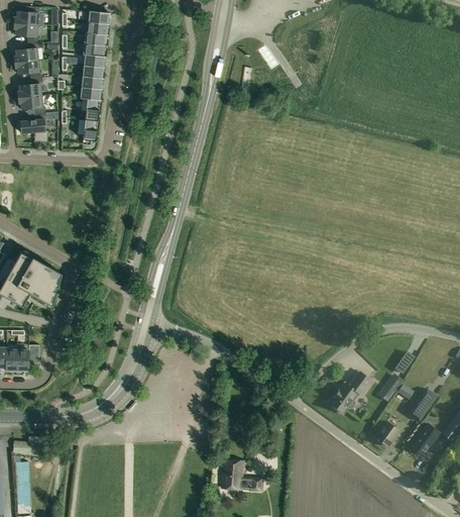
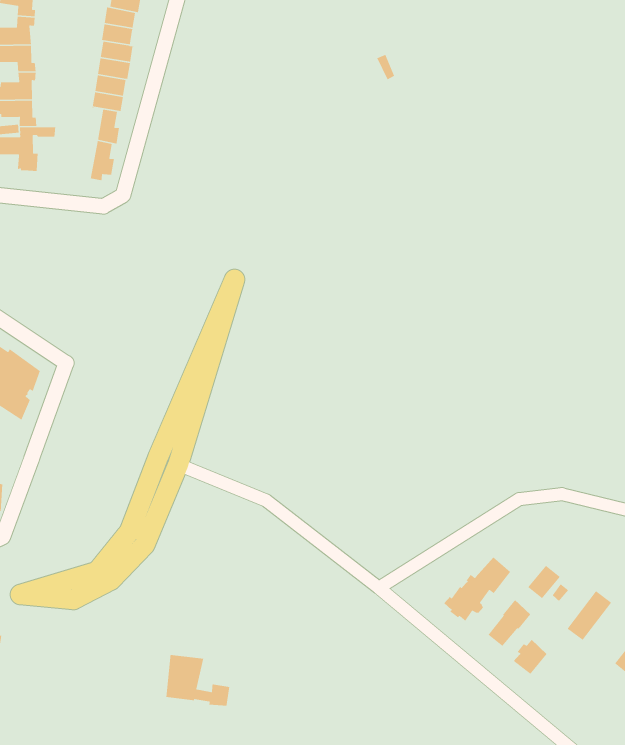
building: [412,423,439,454] -> [488,599,531,647]
building: [221,459,262,491] -> [165,654,230,707]

